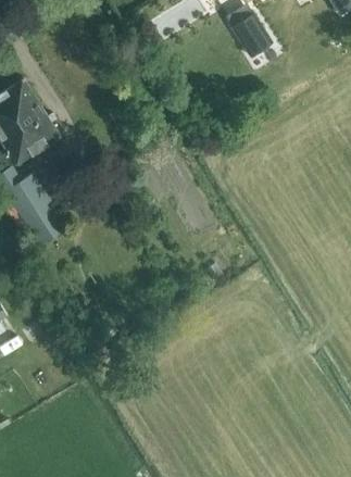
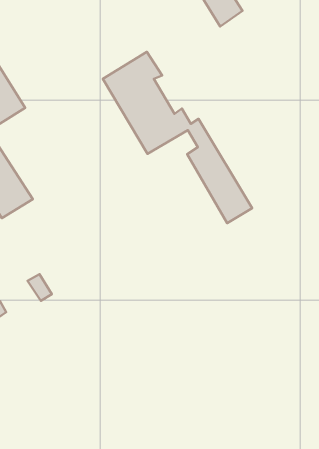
building: none -> [103,52,252,223]

